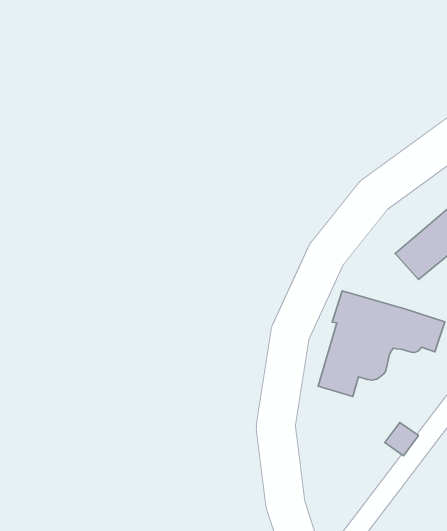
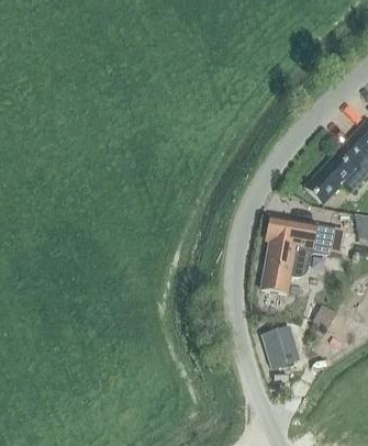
building: none -> [261,325,299,367]

